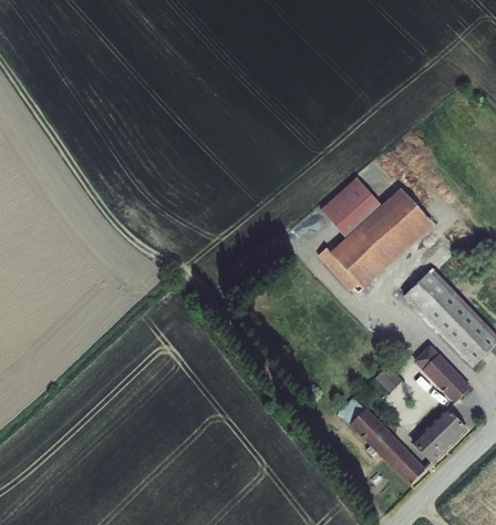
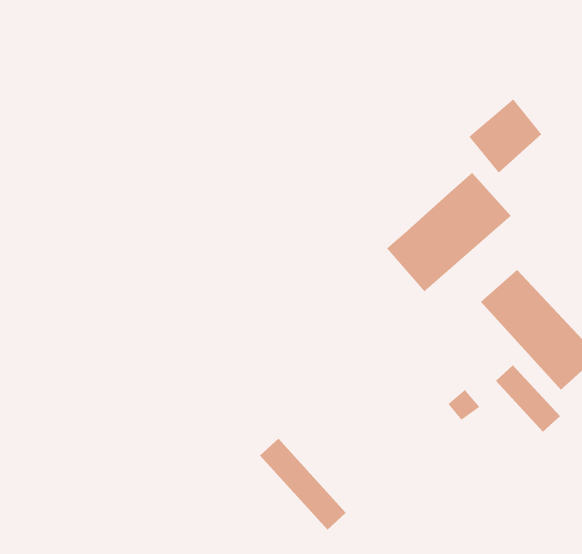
building: [321,177,381,238] -> [468,99,542,174]
building: [353,410,424,485] -> [259,438,347,530]
building: [413,412,465,463] -> none

